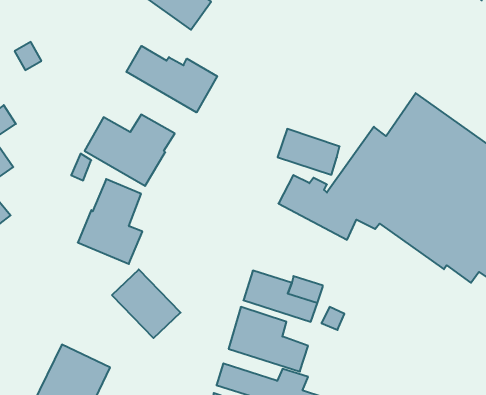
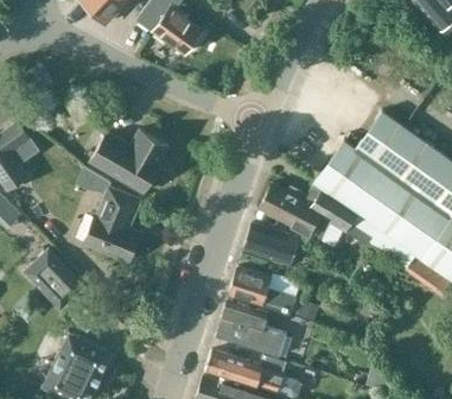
building: [126,46,217,112] -> none
building: [278,129,340,175] -> [244,224,299,265]
building: [112,269,181,338] -> [25,249,85,310]

